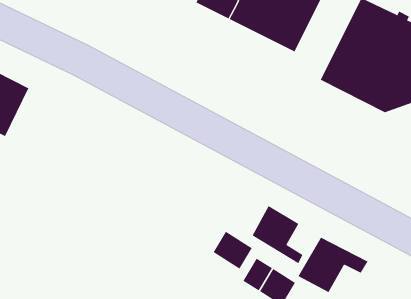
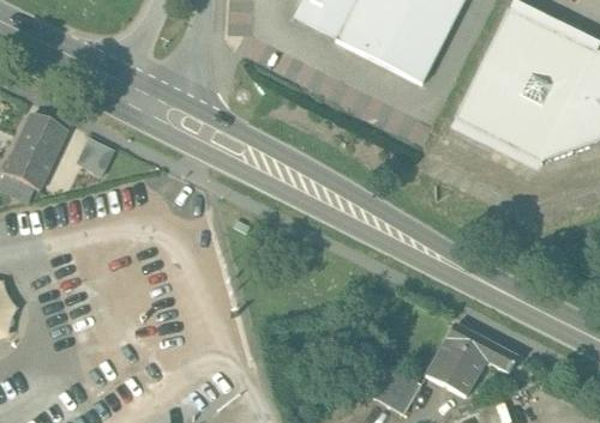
building: none -> [78,135,116,174]
building: [252,205,303,264] -> none
building: [213,231,252,269] -> none

